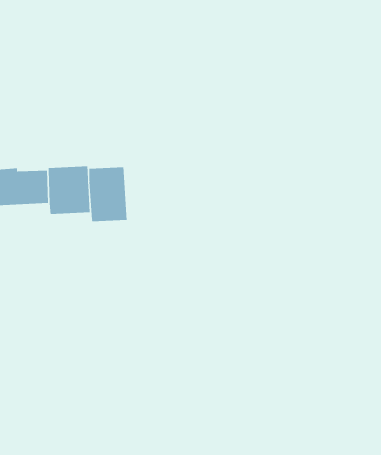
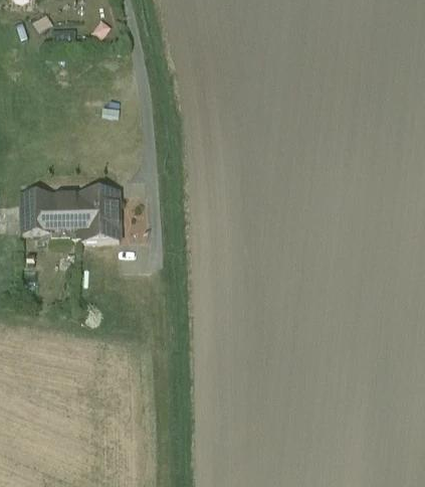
building: [89,166,127,222] -> none

